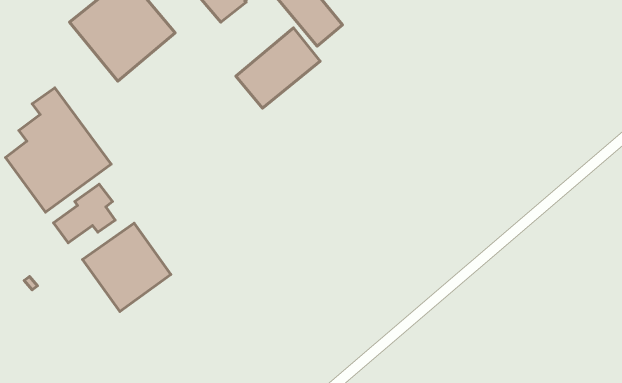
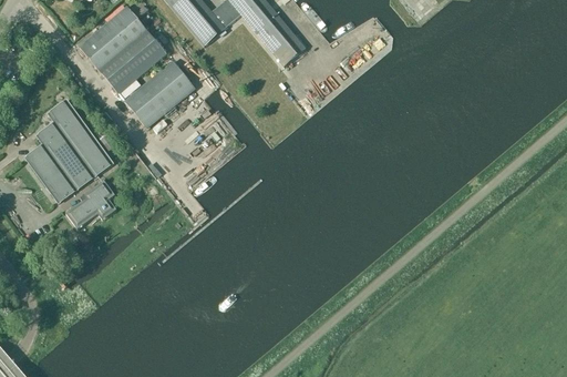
building: [236,28,320,108] -> [124,61,194,128]
building: [82,223,171,312] -> none

